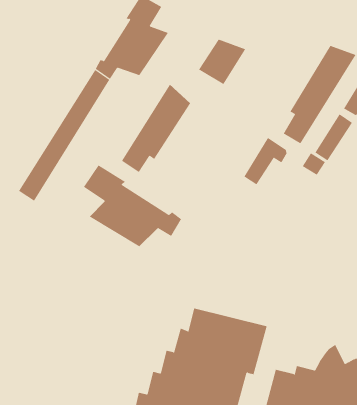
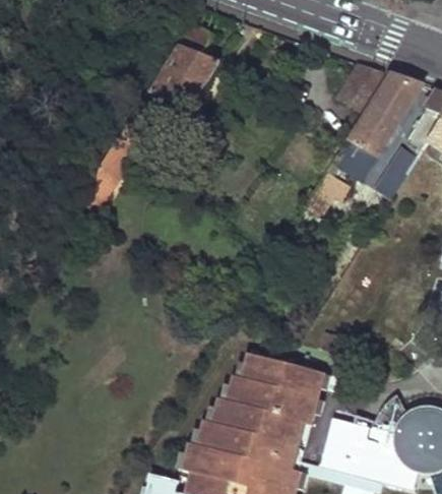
building: [198,39,246,85] -> [337,63,388,112]
building: [121,84,191,173] -> none
building: [83,164,182,247] -> none

